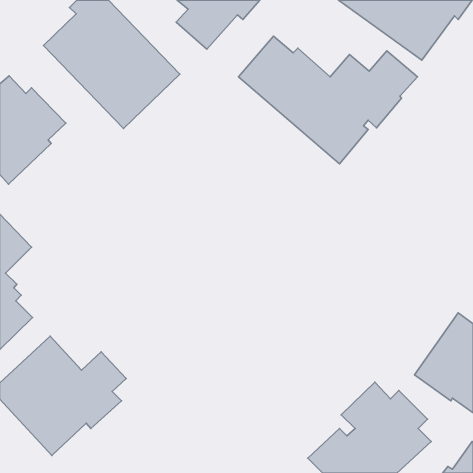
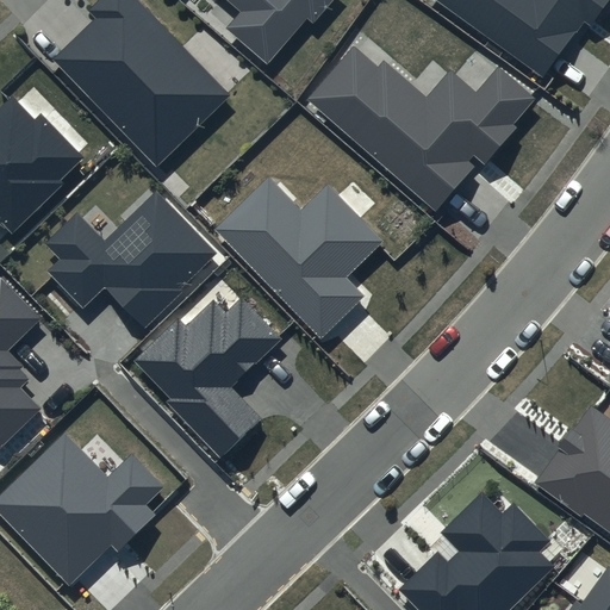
building: none -> [214,176,382,338]
building: none -> [44,187,219,325]
building: none -> [133,294,284,458]

